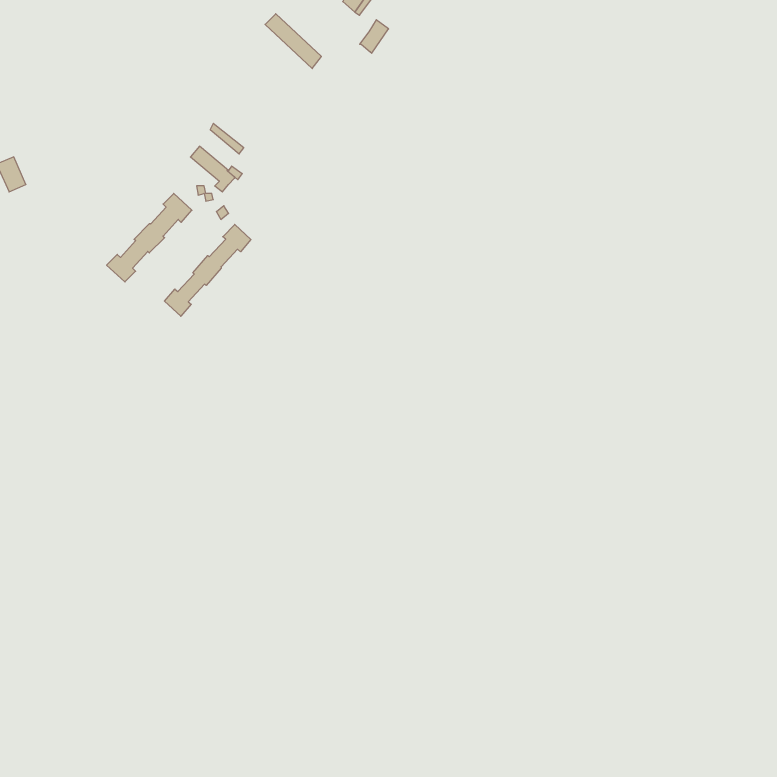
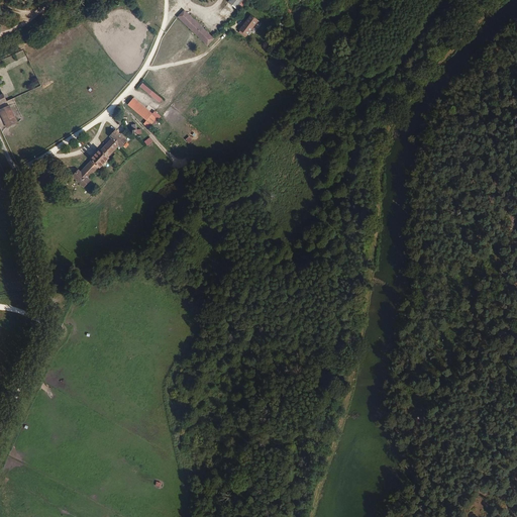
building: [164,224,251,316] -> none

